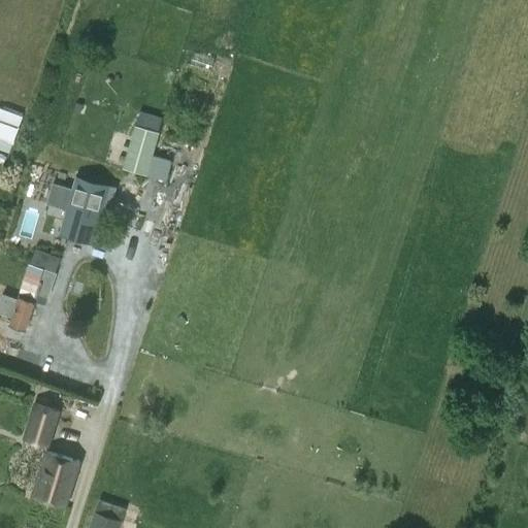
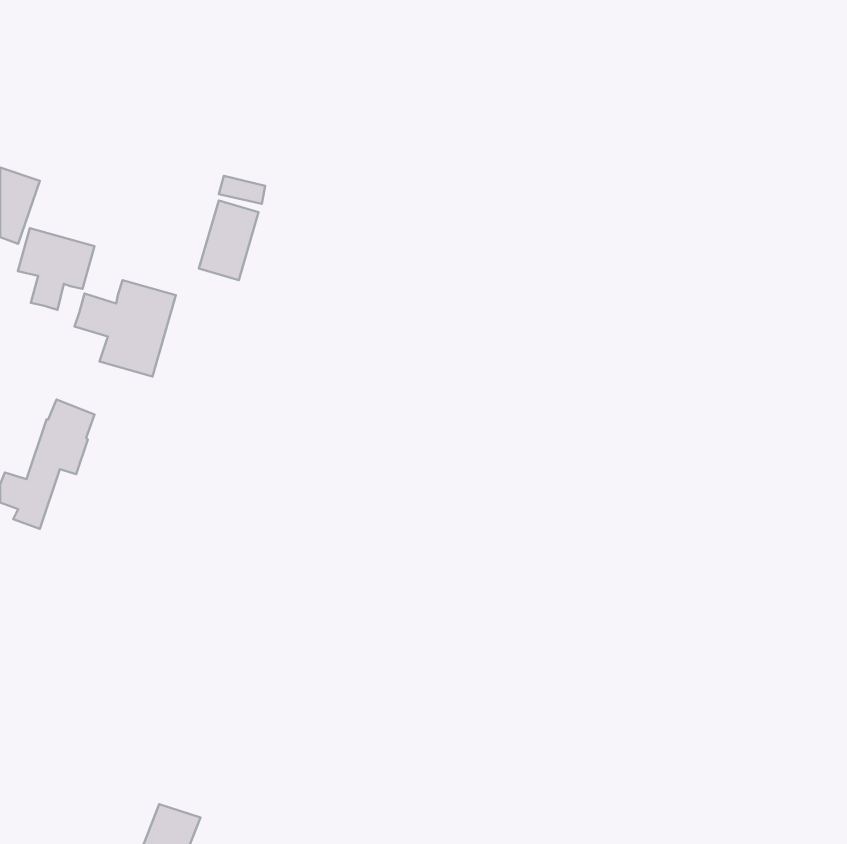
building: none -> [18,228,94,310]
building: [22,404,60,449] -> none
building: [31,453,79,507] -> none

